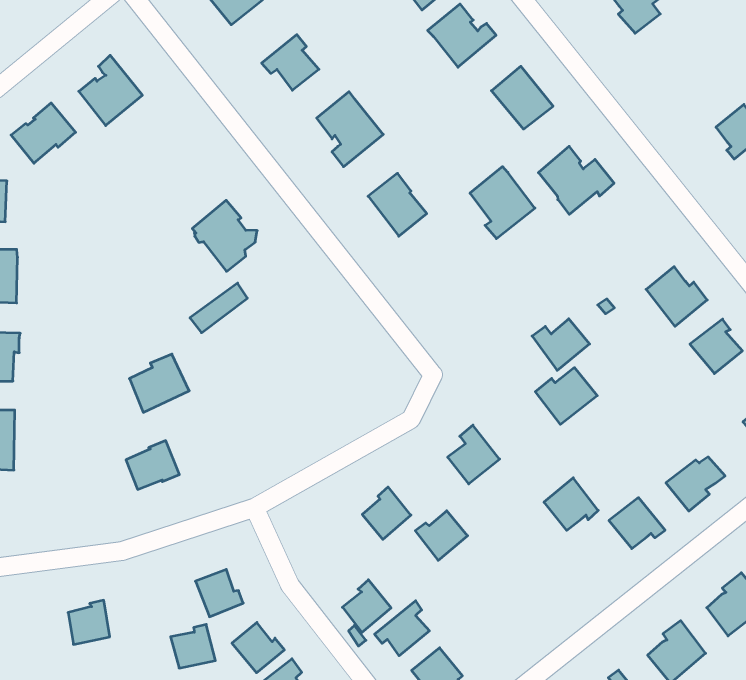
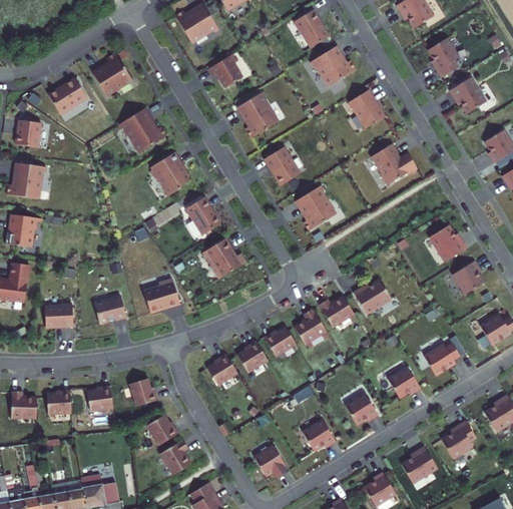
building: none -> [449,76,486,113]
building: none -> [121,108,166,151]
building: [470,167,535,239] -> [296,186,335,230]
building: none -> [184,196,219,234]
building: [532,319,590,370] -> [319,296,354,327]
building: none -> [202,237,244,279]
building: [129,354,189,412] -> [143,279,179,313]
building: none -> [44,303,73,327]
building: [544,478,598,530] -> [347,391,380,423]
building: [415,511,468,560] -> [264,326,296,356]
building: [342,580,391,632] -> [206,353,236,385]
building: none -> [304,418,338,449]
building: [375,601,429,656] -> none
building: none -> [11,390,36,417]
building: [171,624,215,668] -> [86,385,112,410]

